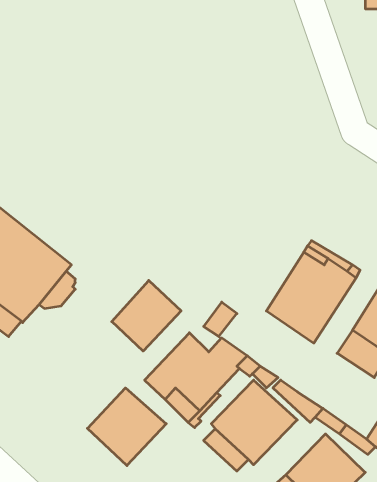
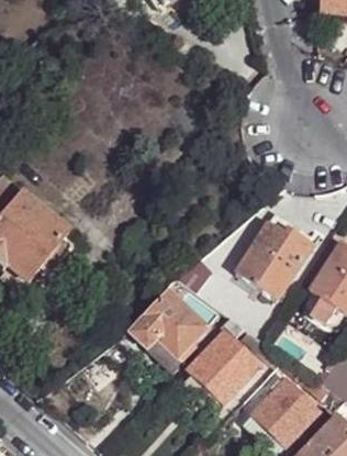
building: [112,280,181,351] -> none
building: [87,388,166,466] -> none

